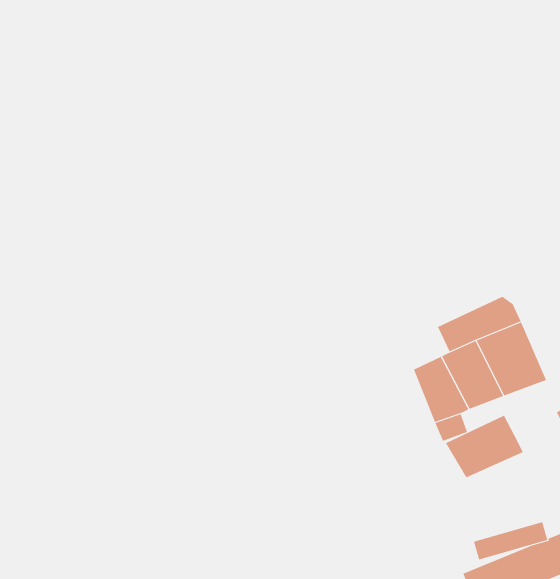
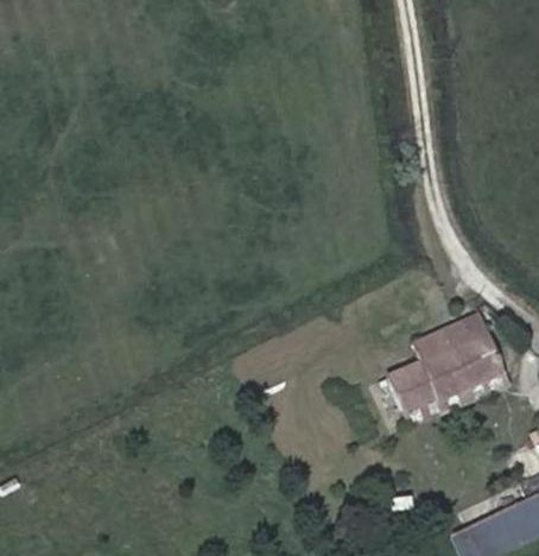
building: [445,415,523,478] -> none

